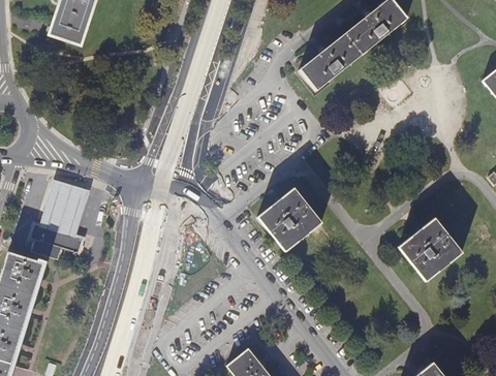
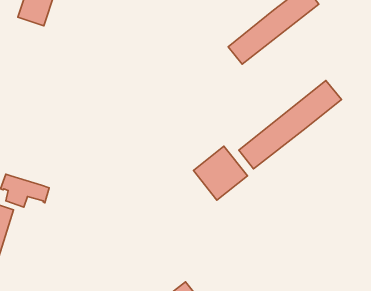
building: none -> [239,80,341,169]
building: [41,179,91,233] -> none
building: [399,218,462,281] -> none

